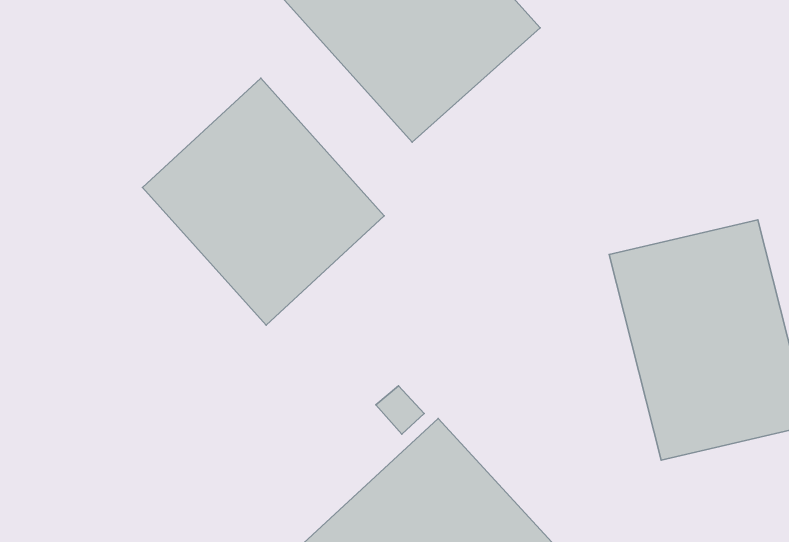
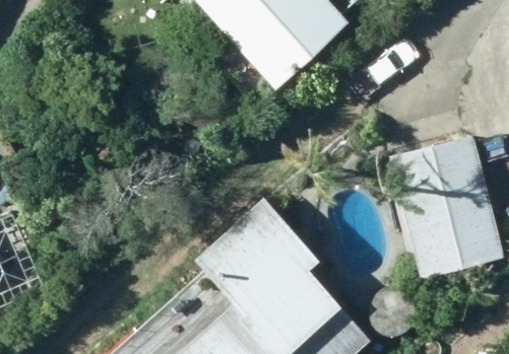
building: [142,78,384,325] -> none

